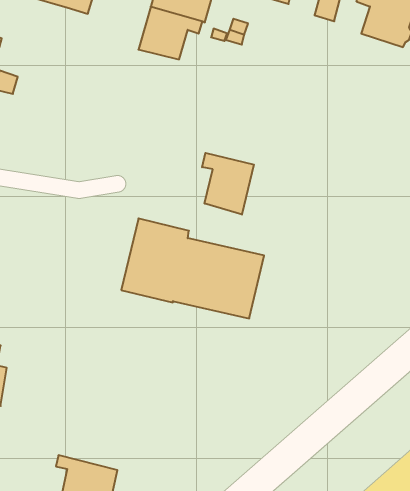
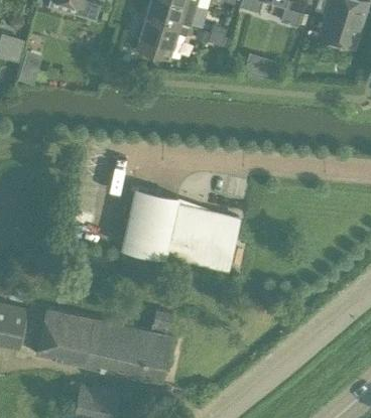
building: [202,153,254,215] -> none
building: none -> [35,307,171,383]

